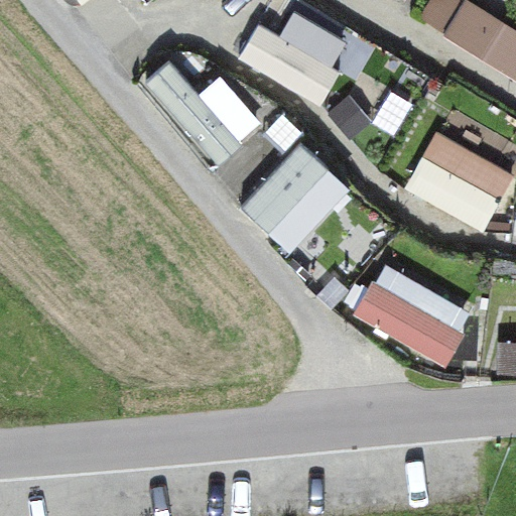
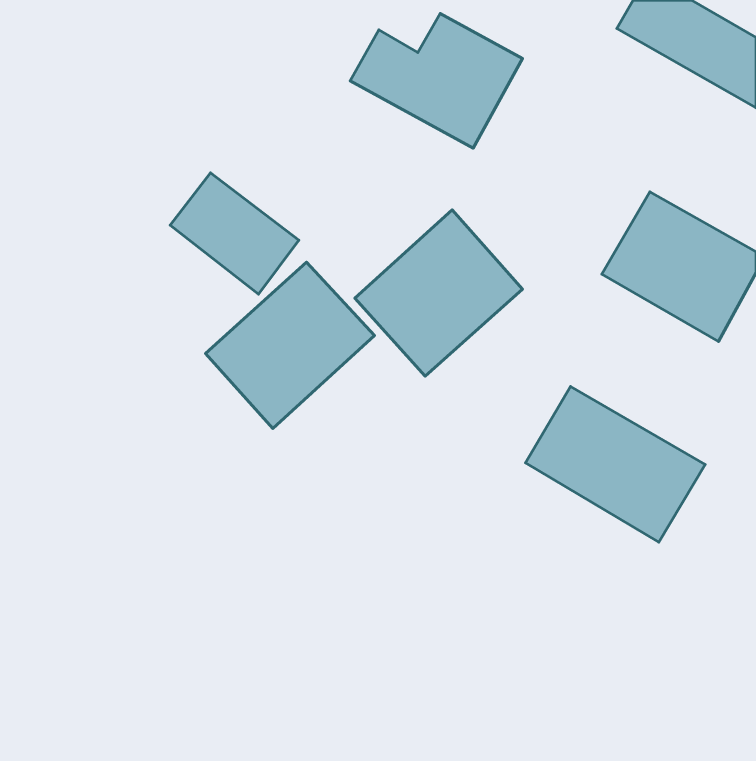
building: [139,52,226,134] -> [170,173,299,294]
building: none -> [206,262,375,429]

